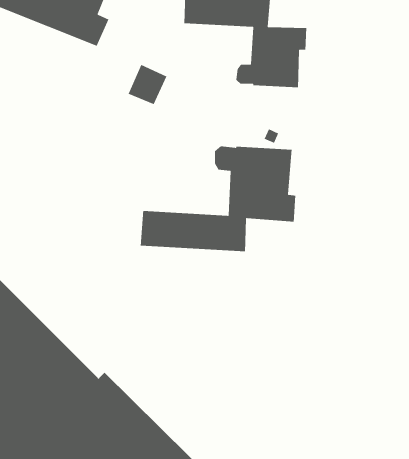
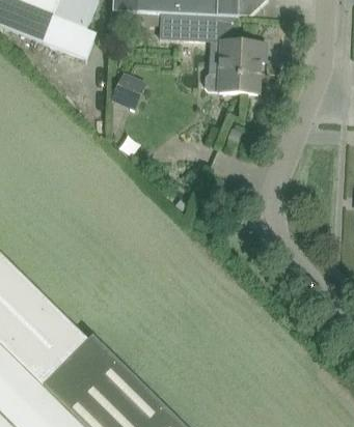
building: [140,146,296,252] -> none

